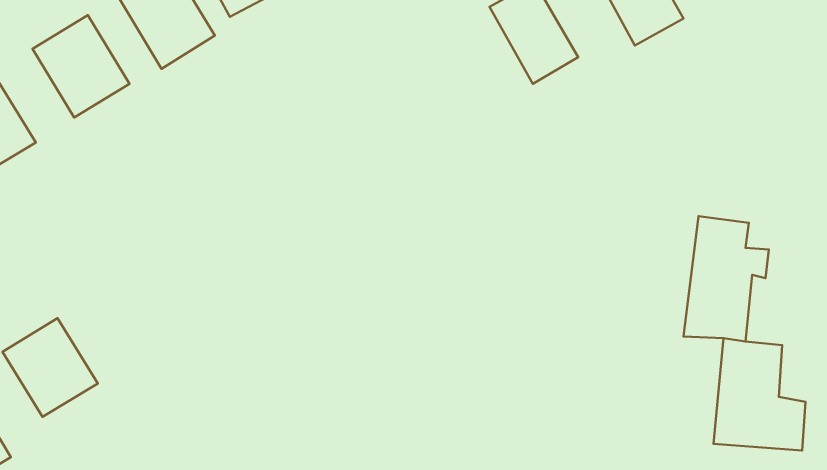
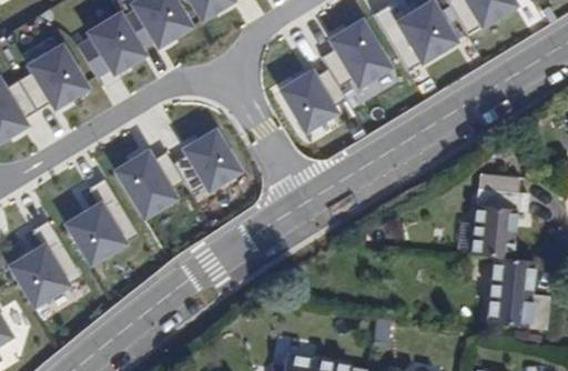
building: none -> [274,56,337,131]
building: none -> [182,127,245,194]
building: none -> [113,148,182,222]
building: none -> [65,200,129,267]

